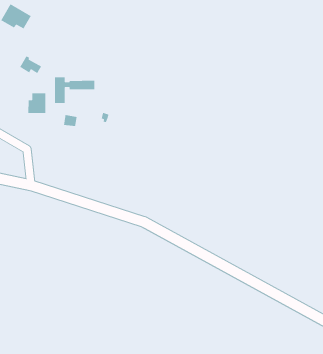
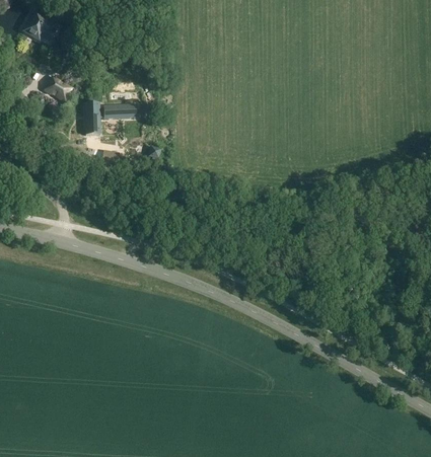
building: [27,92,46,114] -> none

